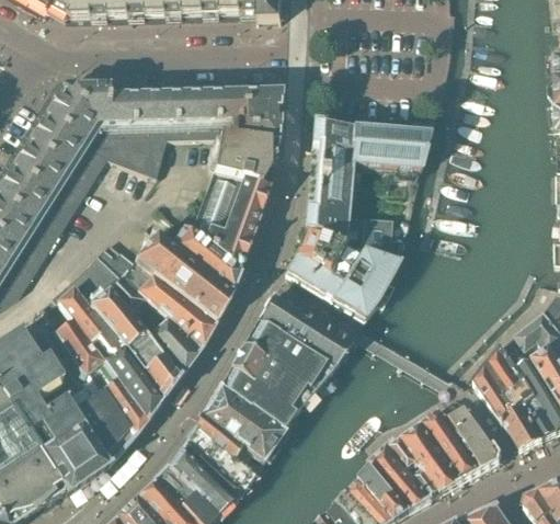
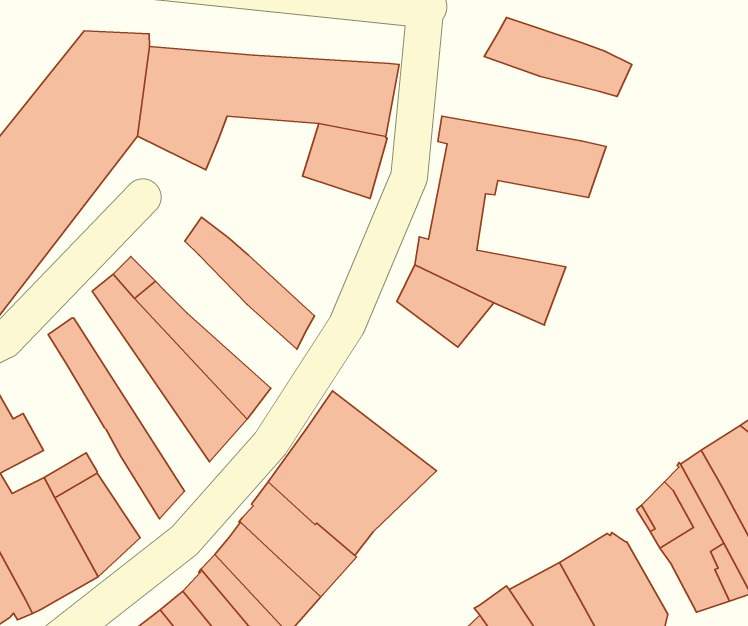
building: none -> [484,17,632,96]
building: [191,170,271,269] -> none
building: [135,233,230,320] -> none
building: [287,247,399,315] -> none
building: [69,265,179,398] -> none
building: [258,293,353,366] -> none
building: [54,317,104,373] -> none
building: [101,377,147,432] -> none

